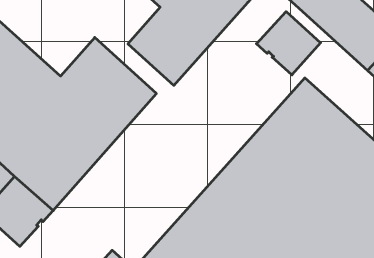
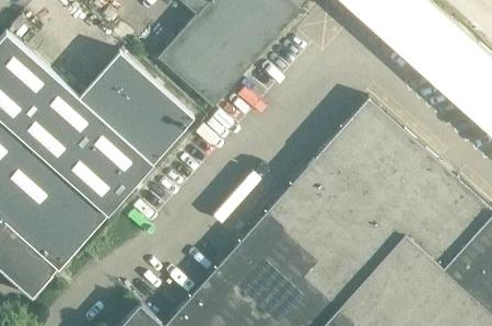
building: [256,12,321,75] -> none

